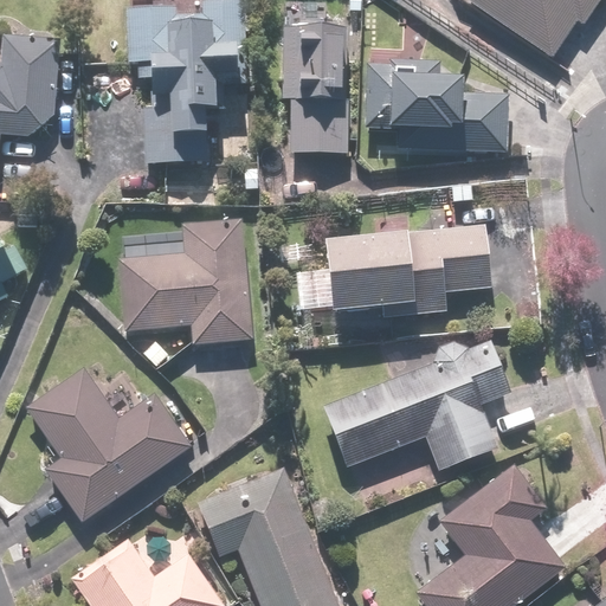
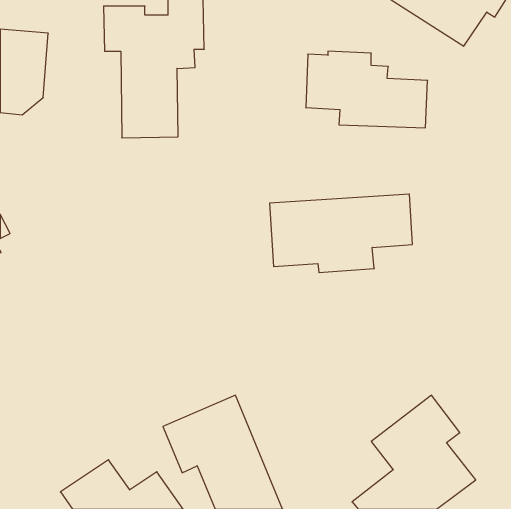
building: [281,26,344,153] -> none
building: [121,221,250,343] -> none
building: [324,340,509,471] -> none
building: [26,369,192,522] -> none

